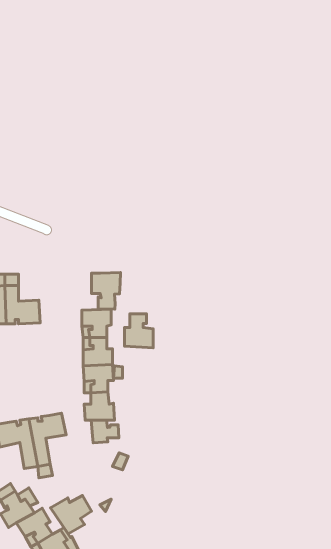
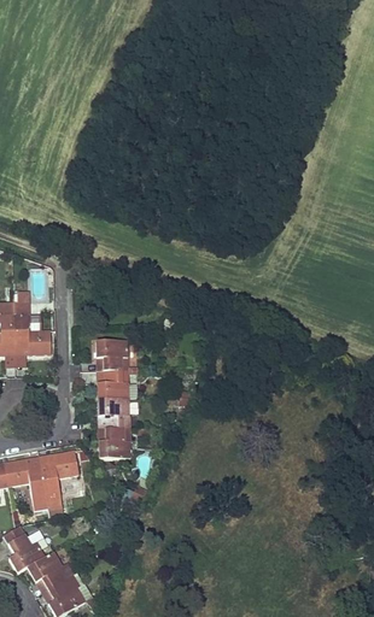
building: [91,273,120,309] -> none
building: [124,314,153,348] -> none
building: [91,420,119,443] -> none
building: [50,495,91,534] -> none

